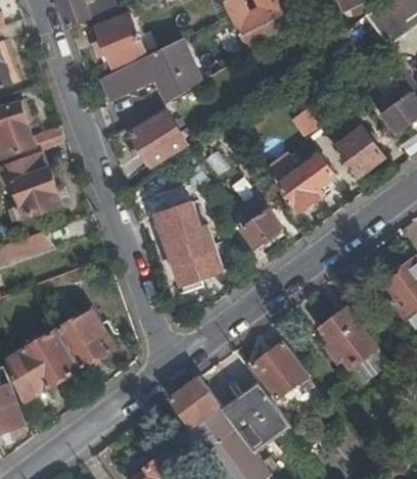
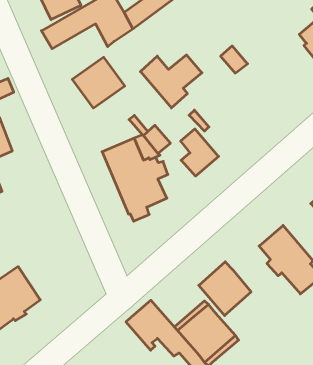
building: [333,127,382,175] -> none
building: [267,153,333,210] -> [140,55,202,108]
building: [55,309,112,368] -> none

